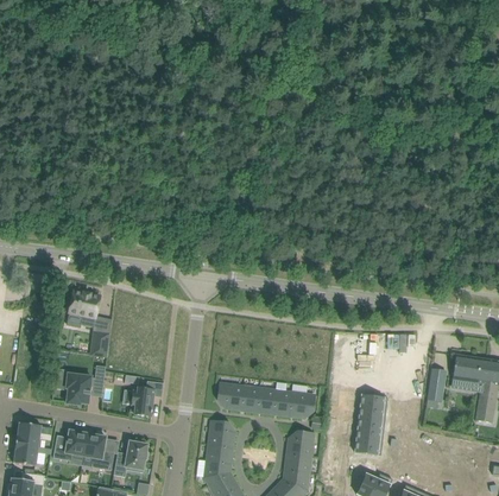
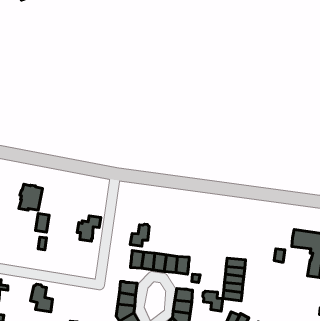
building: none -> [130,224,149,246]
building: [56,369,91,405] -> none
building: [131,381,164,416] -> [77,216,101,241]
building: [53,430,88,460] -> none
building: [115,441,147,472] -> none
building: none -> [203,291,223,311]

